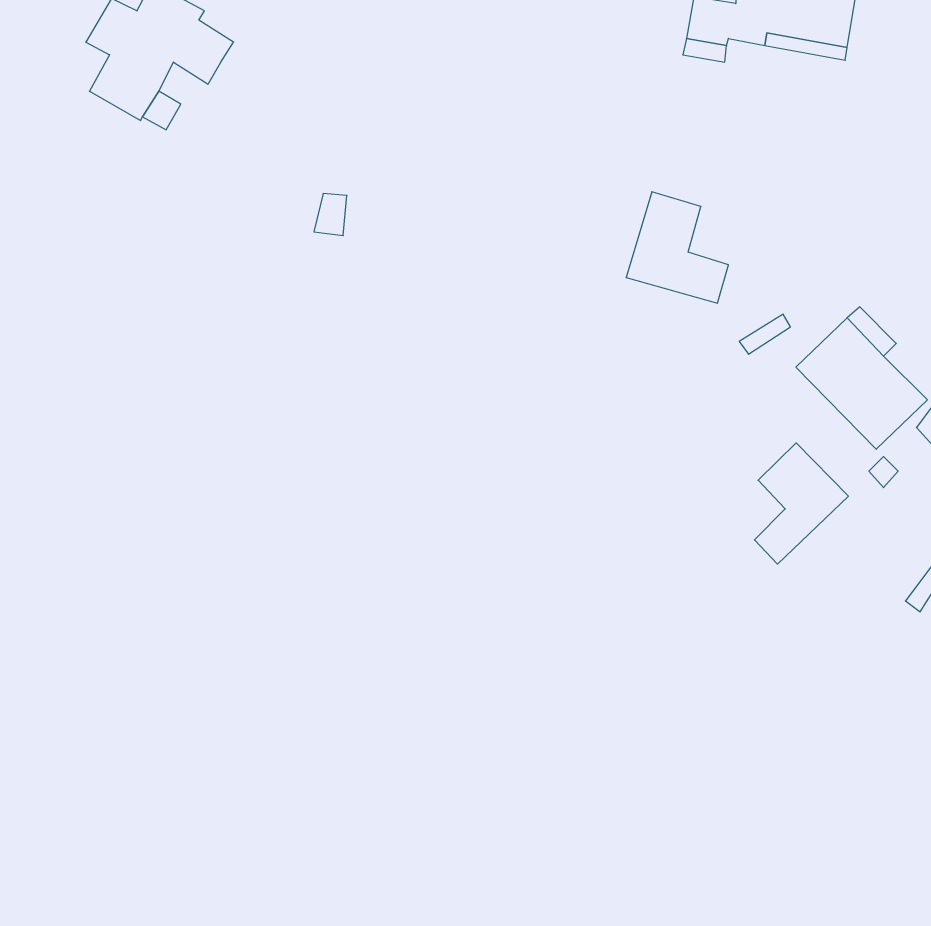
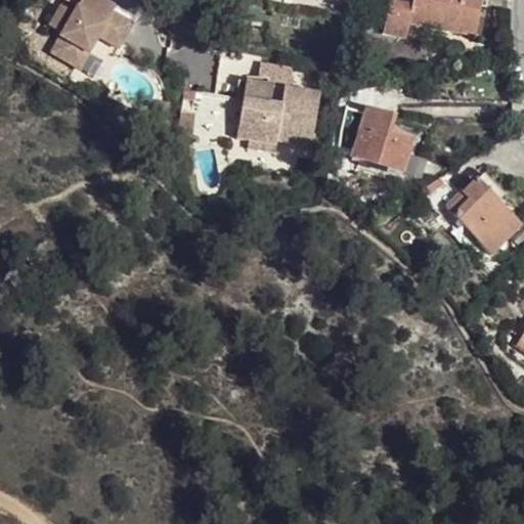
building: none -> [237,61,320,144]
building: [754,443,848,564] -> none

